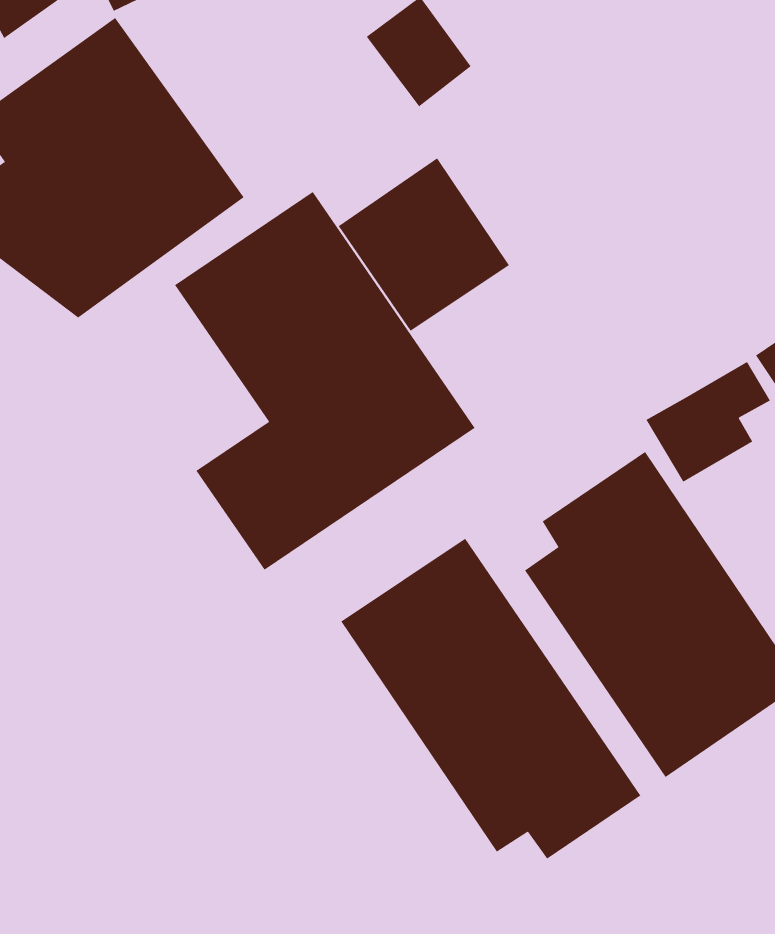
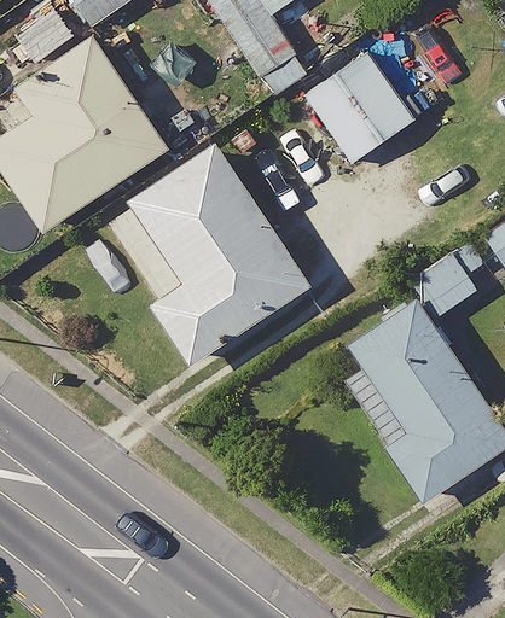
building: [338,158,510,332] -> [312,57,418,164]
building: [340,538,641,859] -> none

